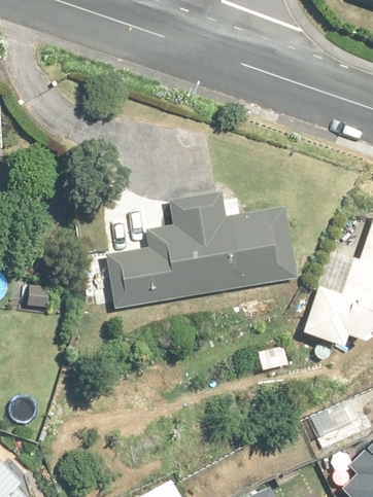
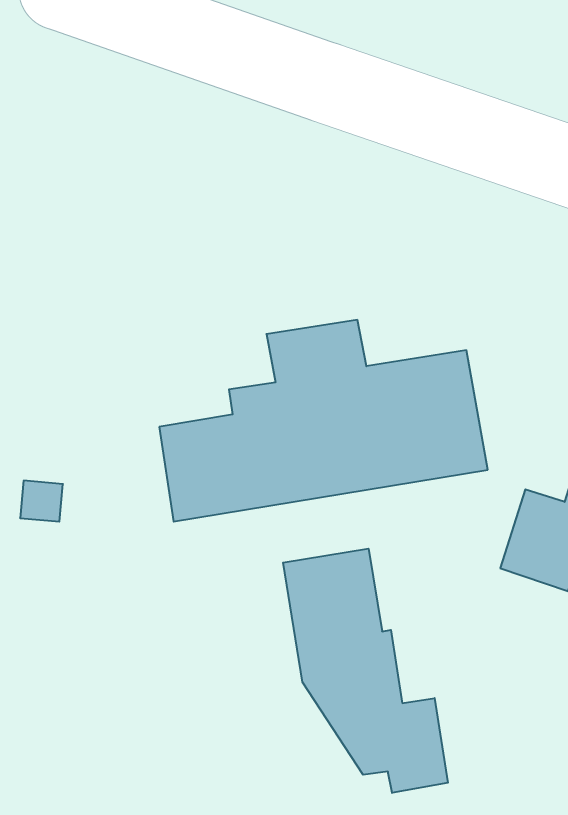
building: none -> [283,549,448,793]

